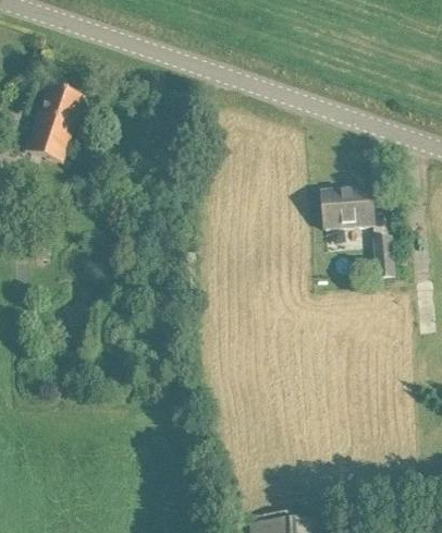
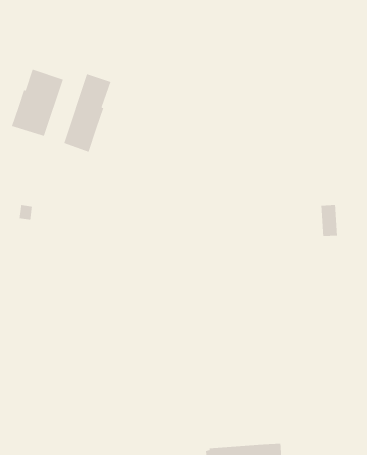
building: none -> [63,73,111,153]
building: [320,191,371,231] -> none

